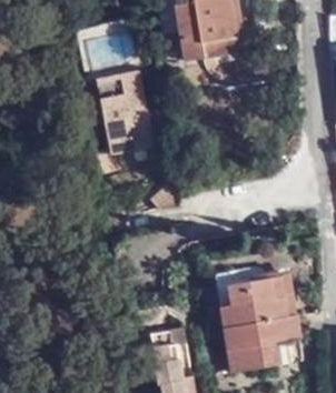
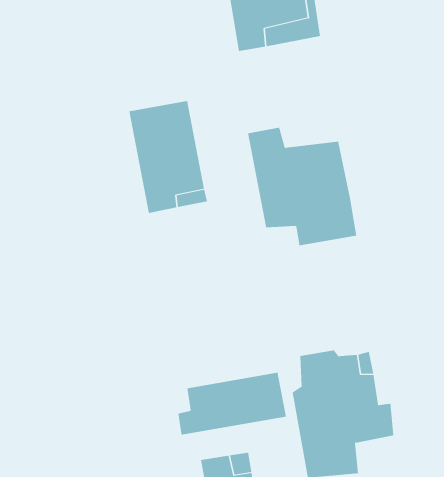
building: none -> [247,127,357,246]
building: none -> [178,372,286,435]

